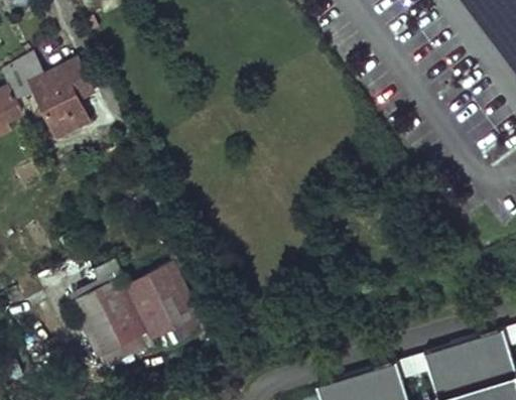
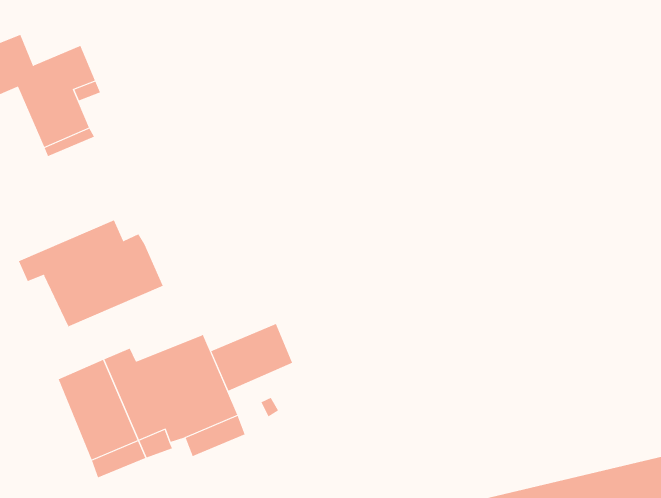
building: none -> [18,219,164,327]
building: none -> [211,323,293,392]

